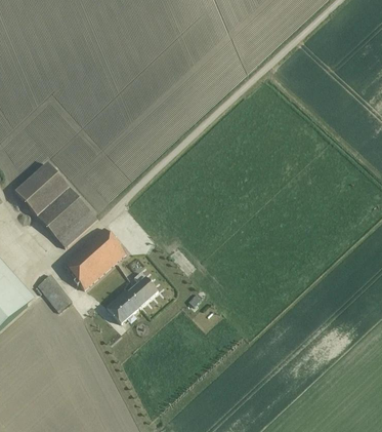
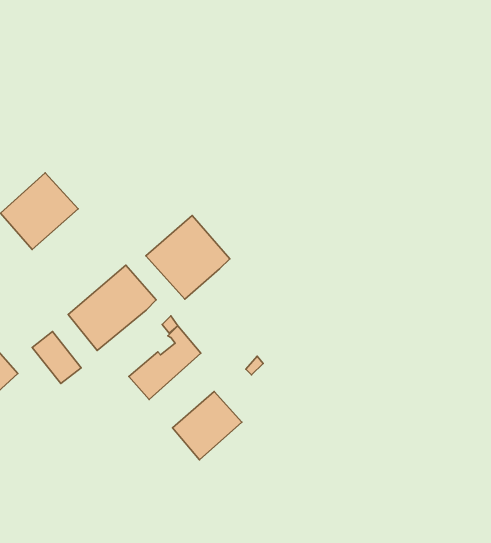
building: [39,186,98,245] -> [146,215,230,299]
building: none -> [172,391,242,460]

